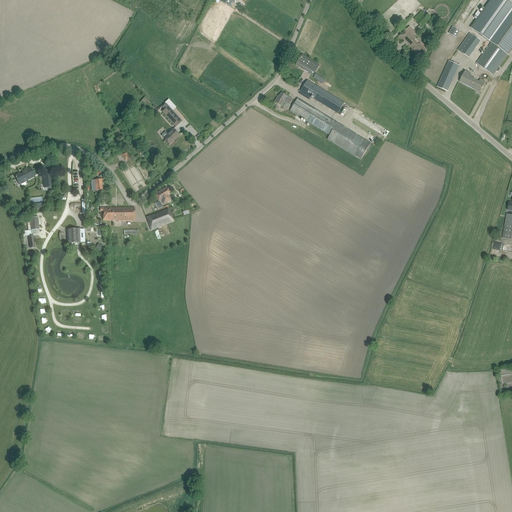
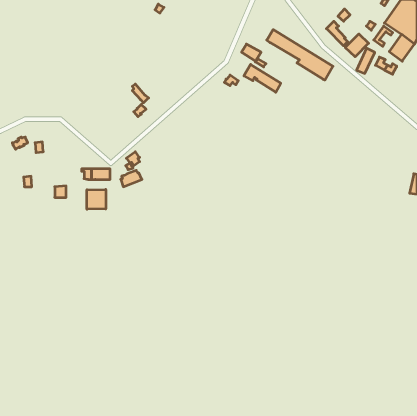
building: none -> [345,34,369,57]
building: [290,97,371,159] -> [267,30,333,80]
building: none -> [87,189,106,209]

